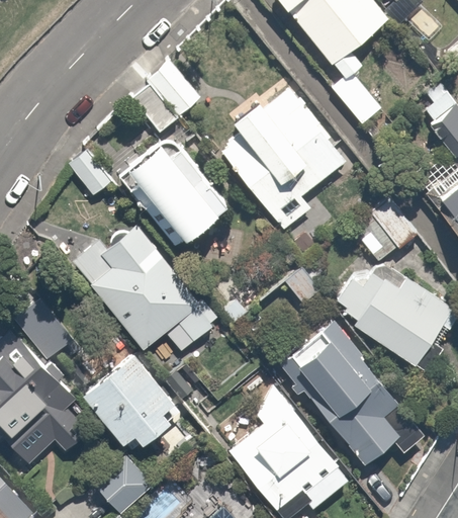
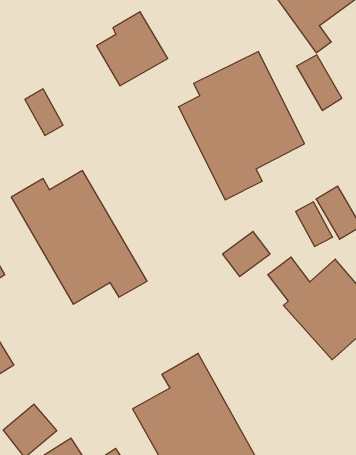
building: [132,139,226,233] -> none
building: [298,335,420,466] -> none
building: [84,348,196,468] -> none

